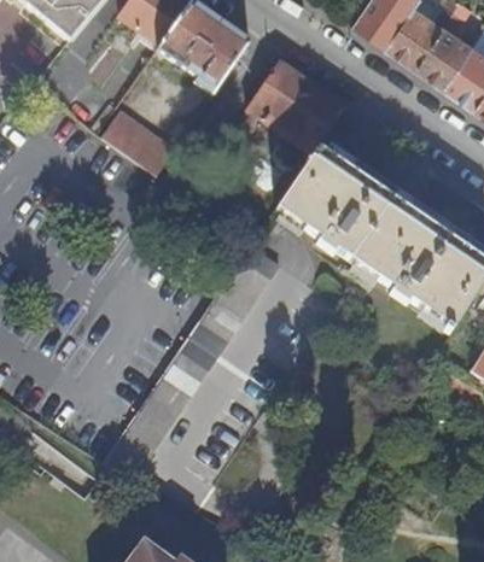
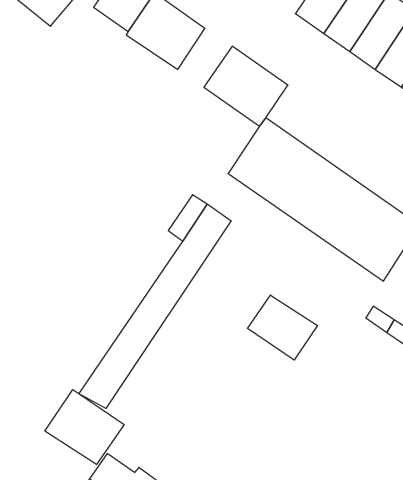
building: [103,112,175,176] -> none
building: none -> [248,295,317,360]
building: none -> [45,390,124,465]

